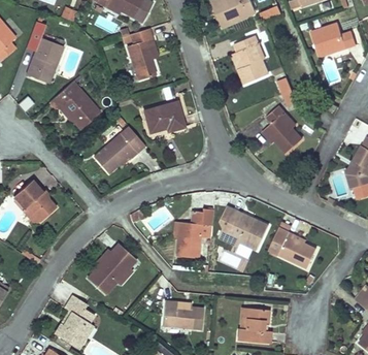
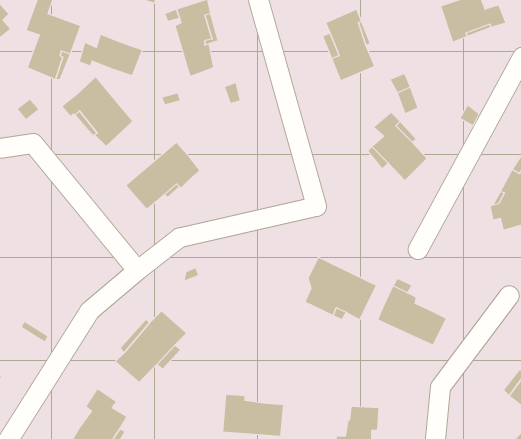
building: none -> [79,34,142,76]
building: [144,102,185,132] -> none
building: [12,179,56,221] -> none
building: [177,206,213,257] -> none

